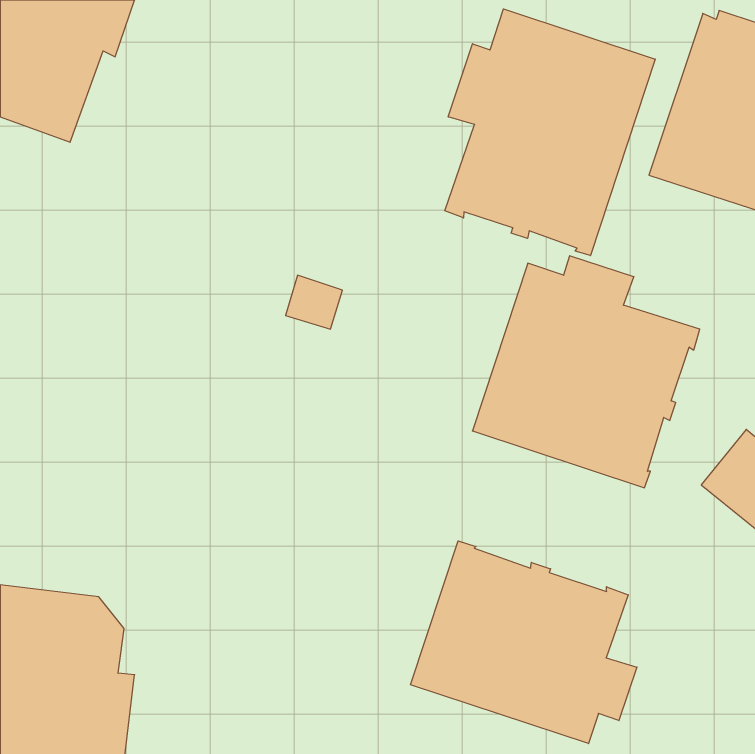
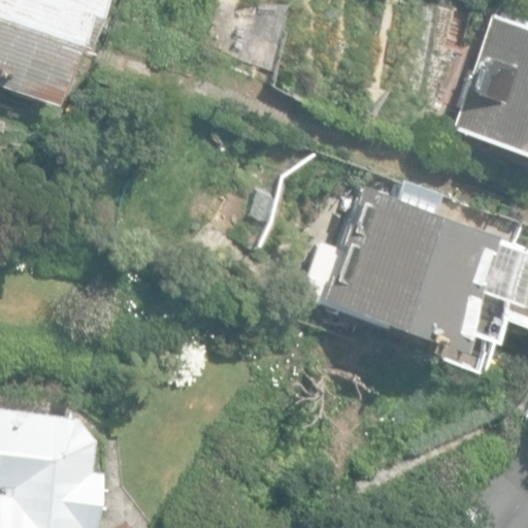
building: [445,9,655,256] -> none
building: [411,541,637,744] -> none

